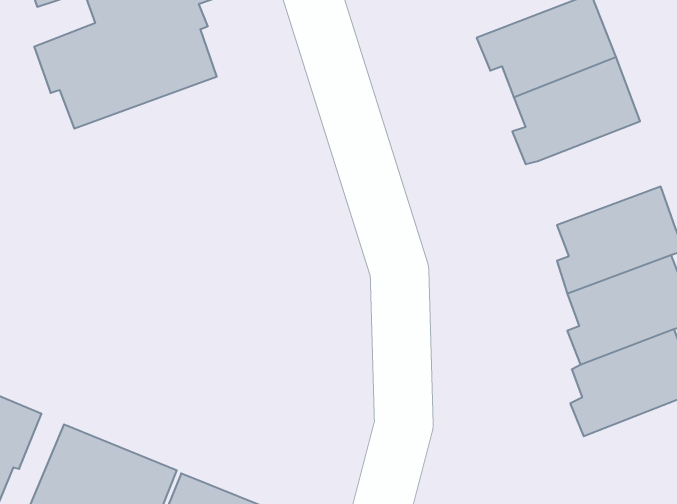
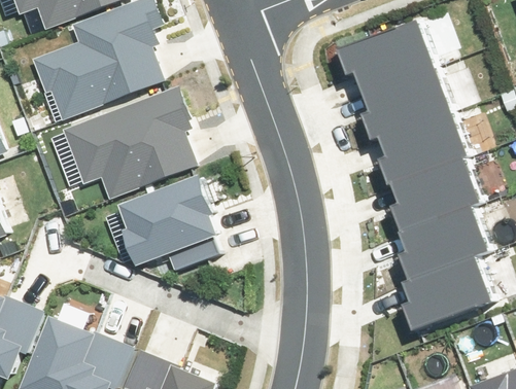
building: none -> [54,90,186,200]
building: none -> [381,109,470,184]
building: none -> [110,174,216,273]

